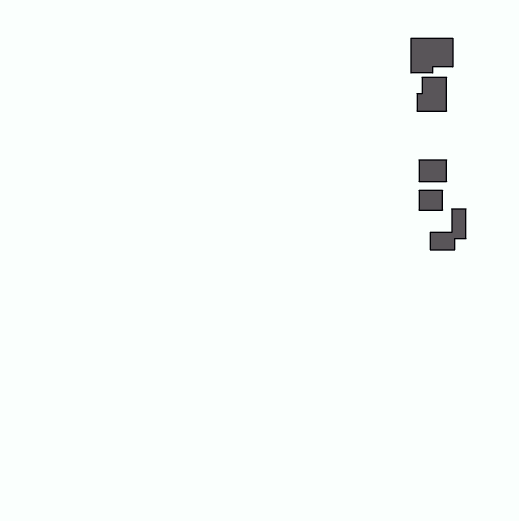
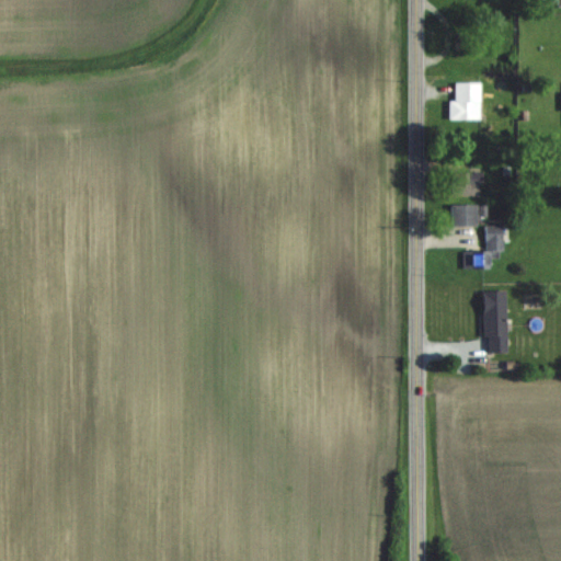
building: [411,38,453,73] -> none
building: none -> [484,290,508,353]

